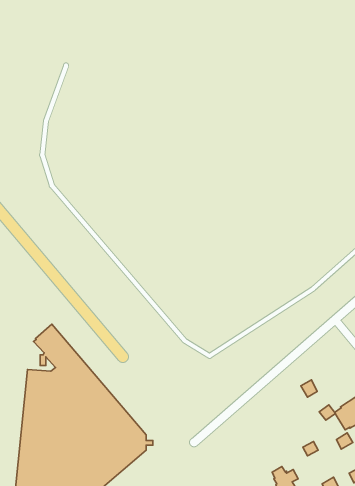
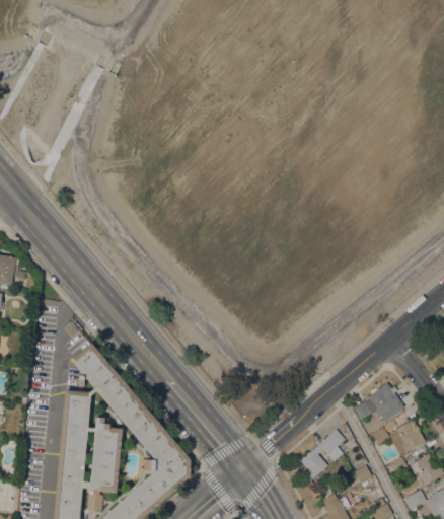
building: none -> [368,383,404,422]
building: none -> [300,430,345,481]

